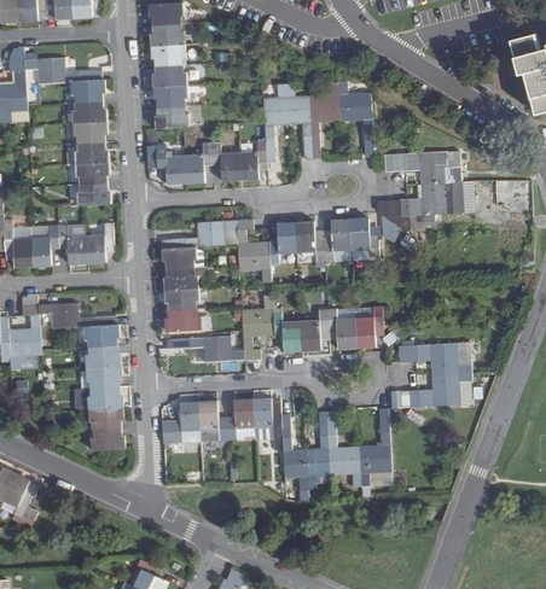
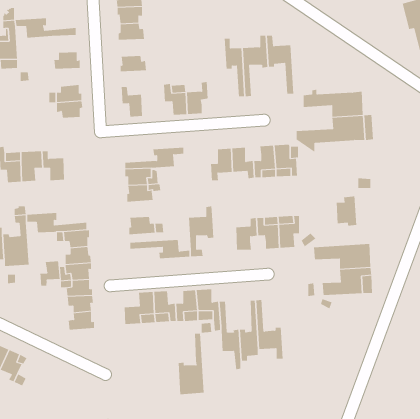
building: [70,81,104,103] -> none
building: [262,84,287,161] -> none
building: [152,86,186,107] -> none
building: [72,122,106,145] -> none
building: [182,142,210,182] -> none
building: [76,183,110,205] -> none
building: [236,220,271,281] -> none
building: [85,222,112,262] -> none
building: none -> [336,196,357,226]
building: [163,287,197,309] -> none
building: [272,311,301,351] -> none
building: none -> [40,261,60,286]
building: [358,409,391,486] -> [178,333,205,395]

